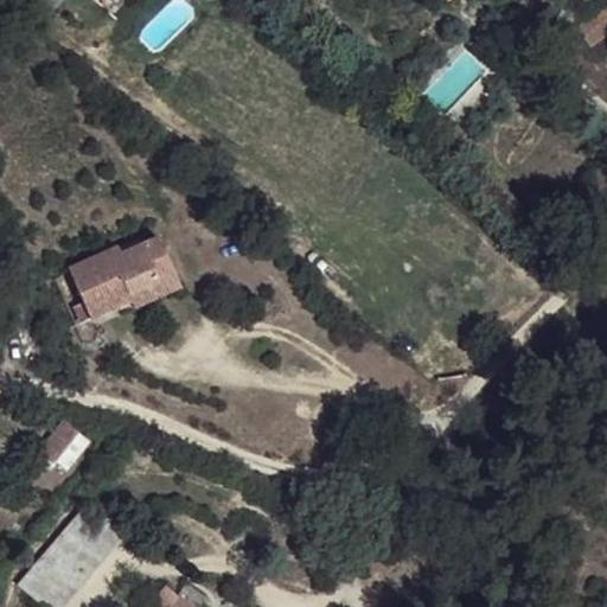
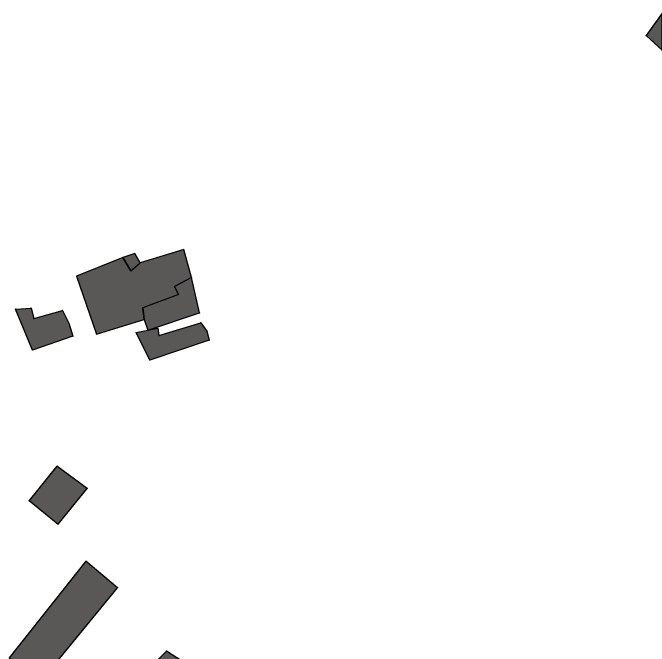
building: none -> [16,308,73,350]
building: none -> [136,323,209,360]

